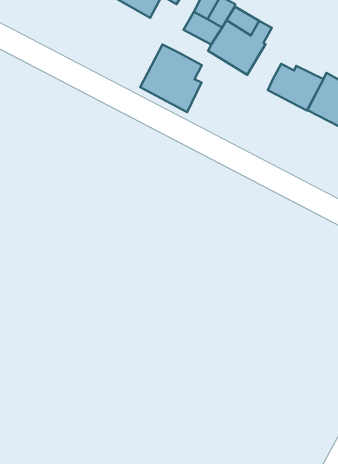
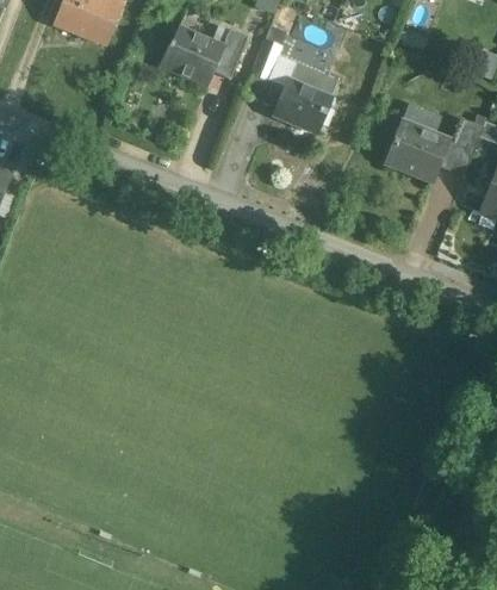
building: [140,45,202,112] -> none
building: [268,64,323,111] -> none

